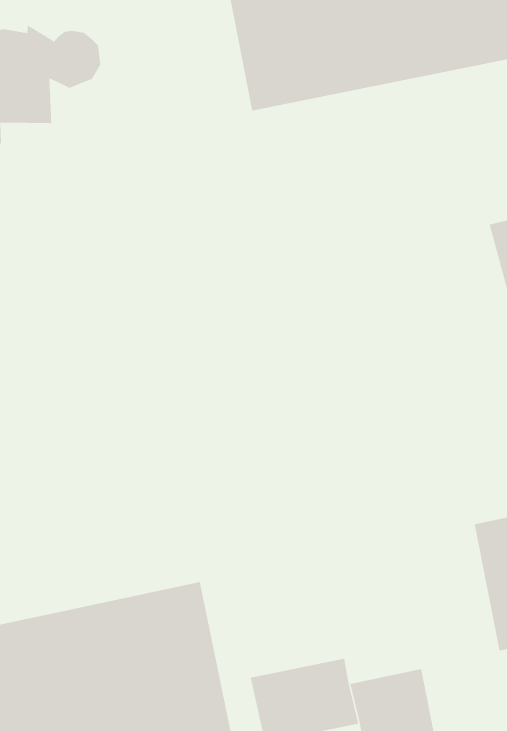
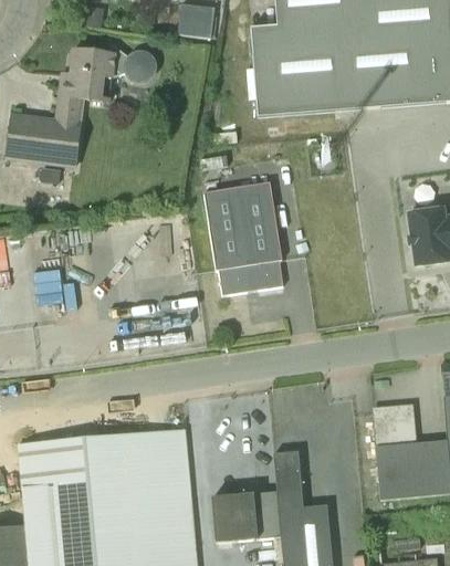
building: none -> [202,181,282,294]
building: none -> [272,451,301,492]

